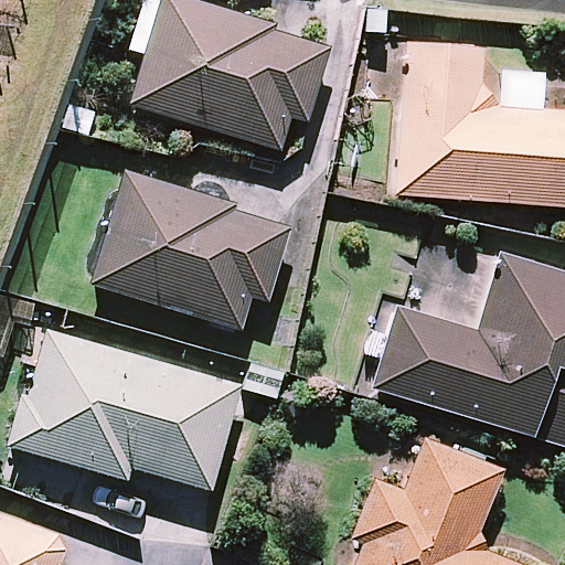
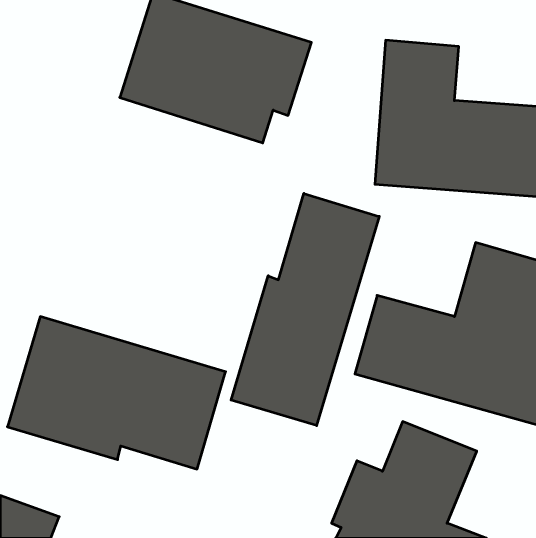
building: [92,171,289,329] -> none
building: none -> [231,193,379,426]

